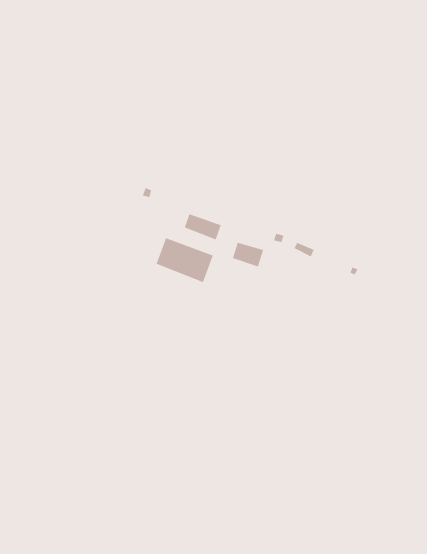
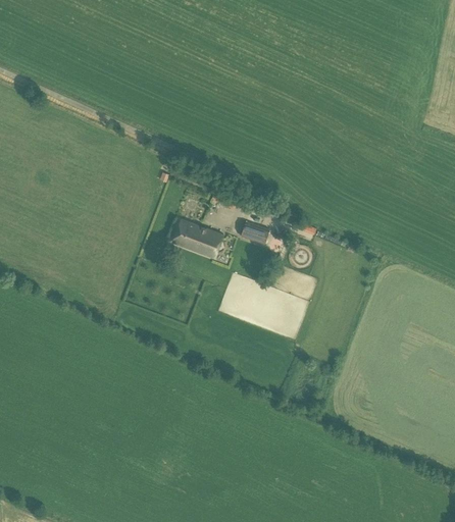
building: [184,213,222,240] -> none

